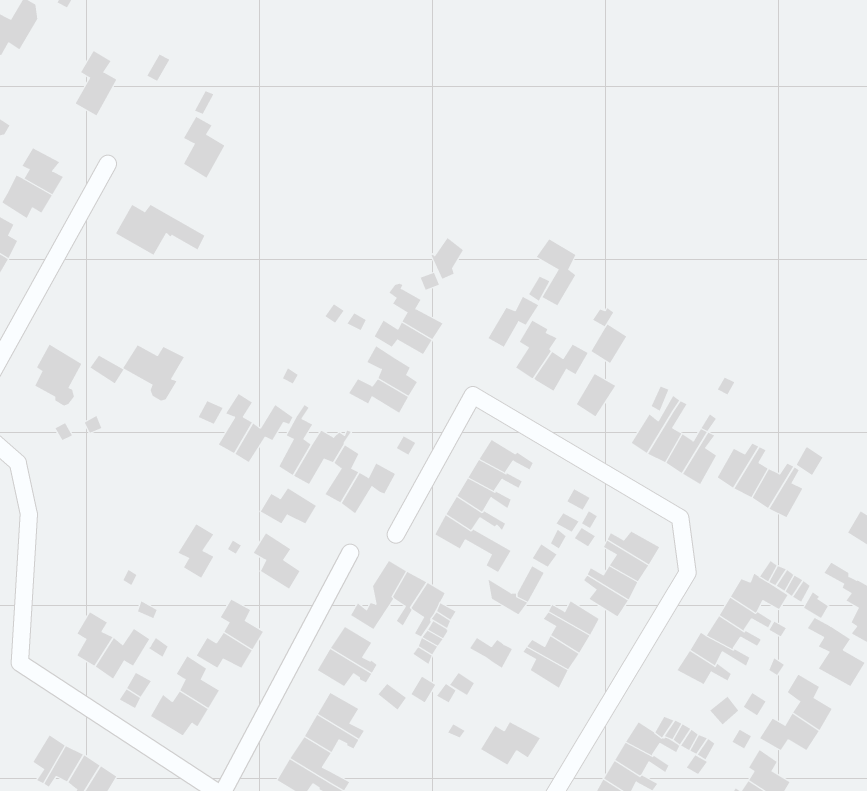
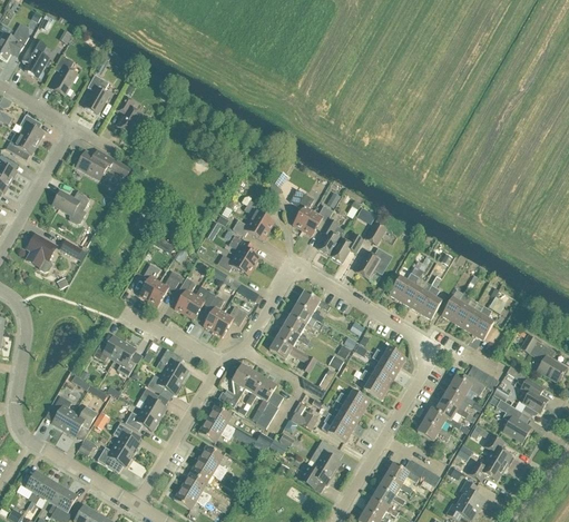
building: none -> [22,38,51,77]
building: none -> [85,73,109,114]
building: [536,238,576,306] -> [288,188,313,229]
building: [122,344,185,401] -> [52,189,90,224]
building: [260,488,317,524] -> [147,371,182,393]
building: none -> [92,334,125,361]
building: none -> [310,441,341,472]

